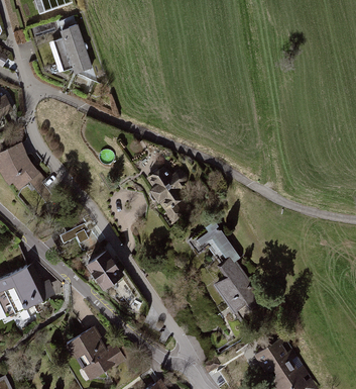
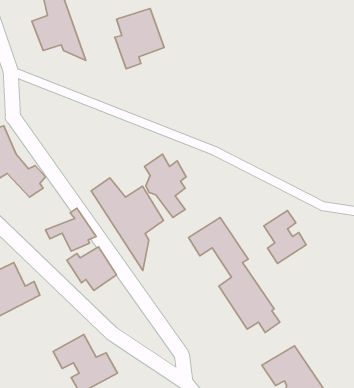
building: none -> [115,8,164,69]
building: none -> [91,178,164,270]
building: none -> [264,210,306,264]

